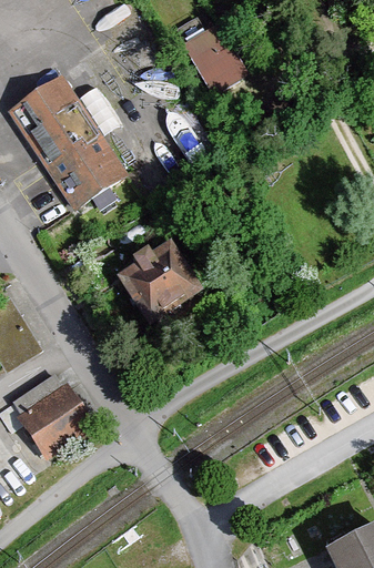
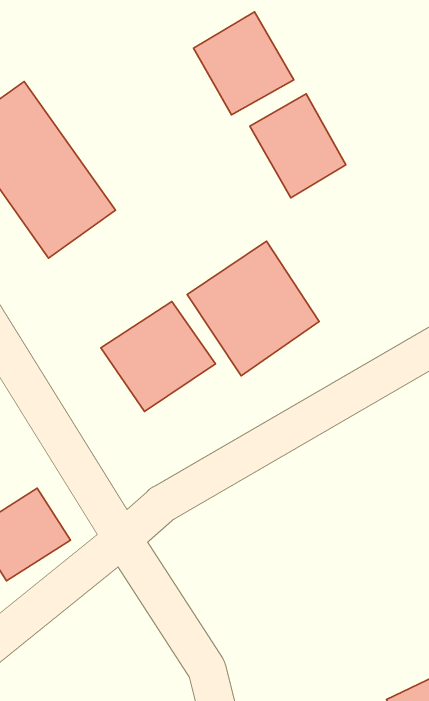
building: none -> [250,94,346,198]
building: none -> [187,241,319,376]

